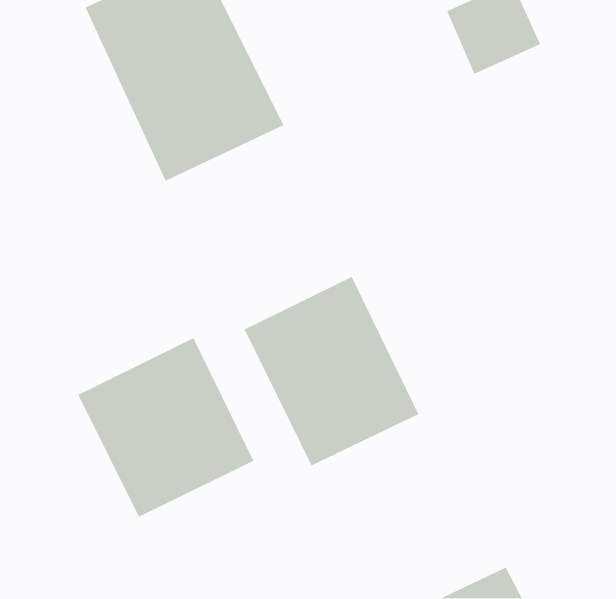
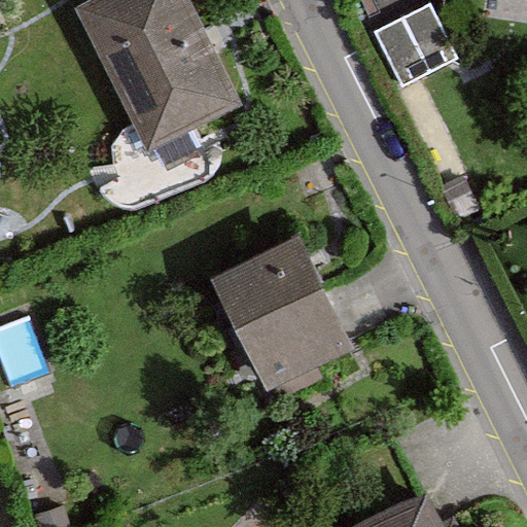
building: [77,337,255,518] -> none

